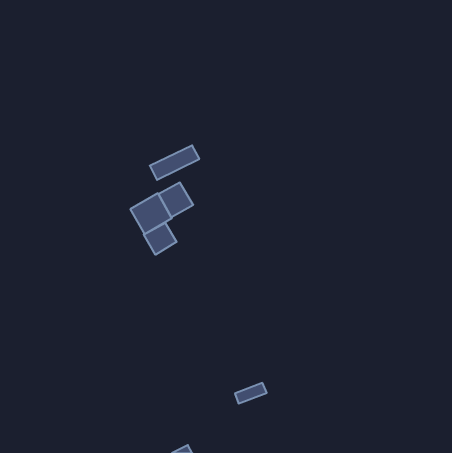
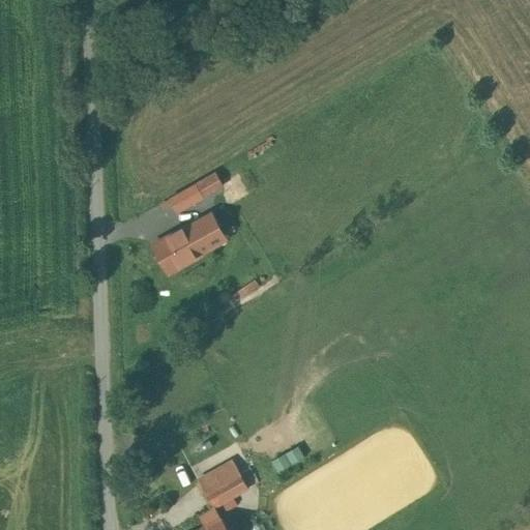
building: [144,223,177,255] -> none
building: none -> [200,465,246,507]

